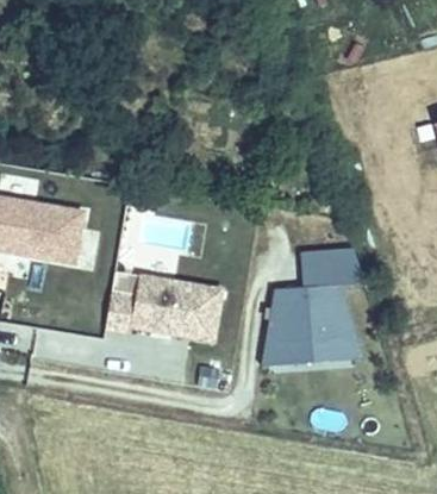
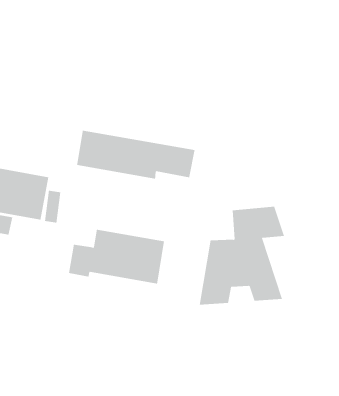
building: none -> [76,130,195,179]

